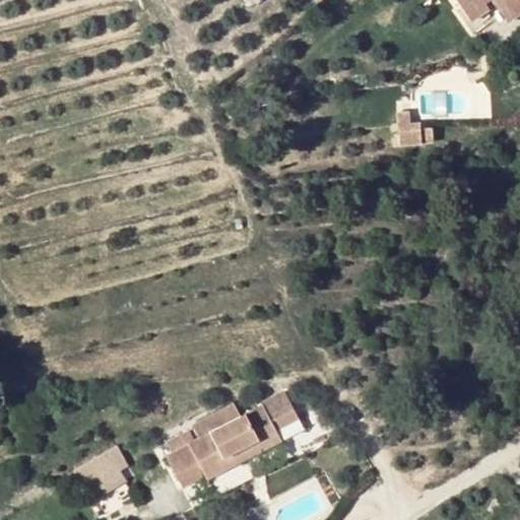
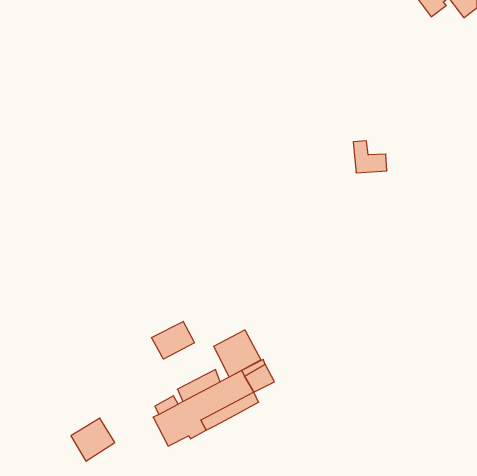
building: [400,110,437,144] -> [353,141,387,173]
building: none -> [151,321,194,359]
building: none -> [214,330,261,377]

